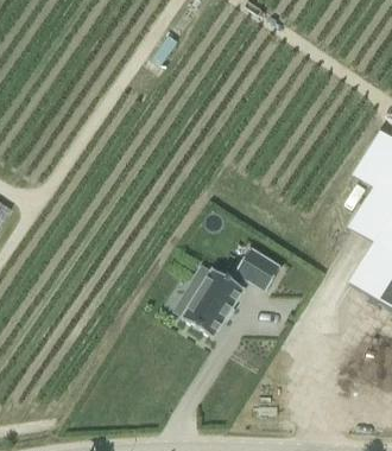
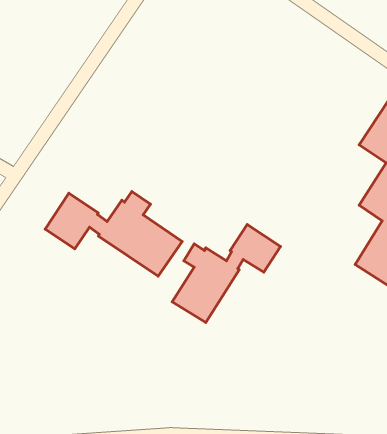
building: none -> [45,191,182,276]

